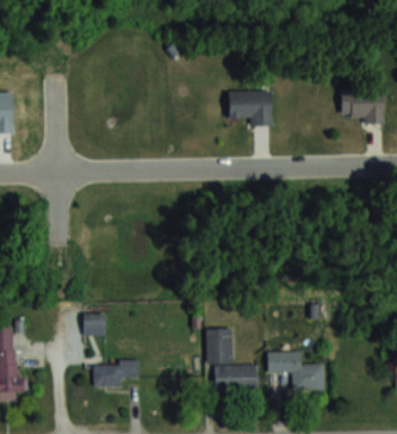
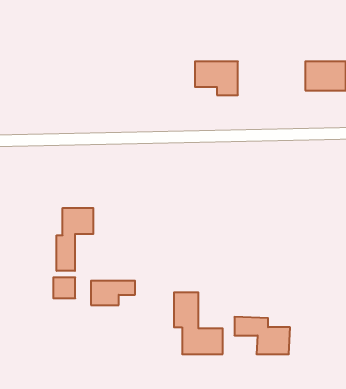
building: none -> [57,208,93,271]
building: [94,361,139,386] -> [91,281,135,305]

